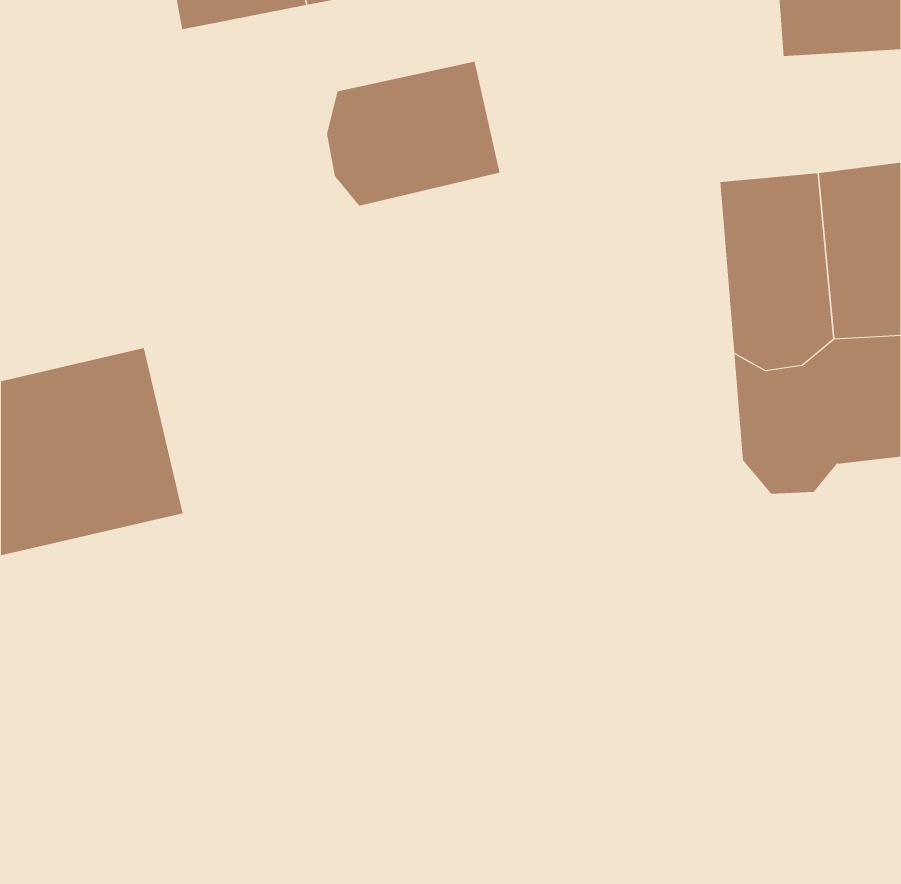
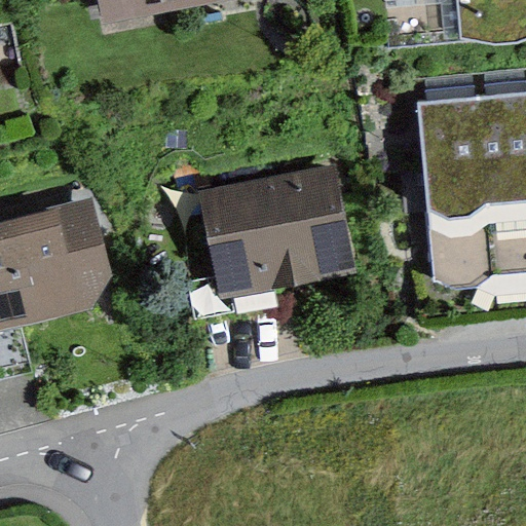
building: [327,61,500,207] -> none
building: none -> [201,164,351,297]

